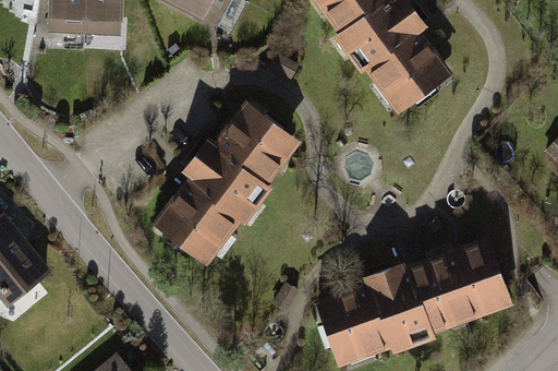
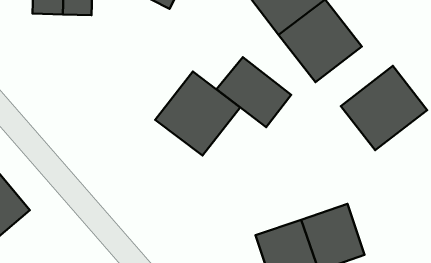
building: none -> [217,57,291,127]
building: none -> [341,66,427,150]
building: [153,158,256,262] -> none
building: [433,242,509,323] -> none

